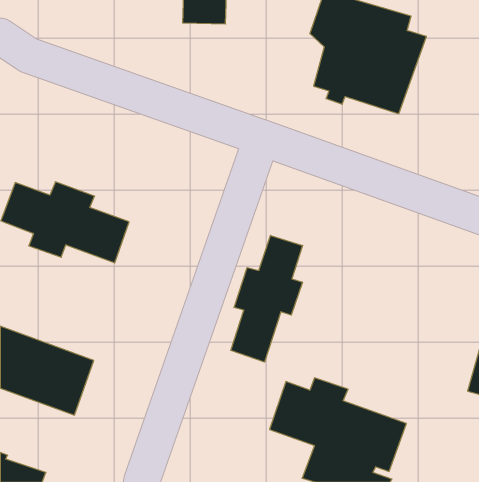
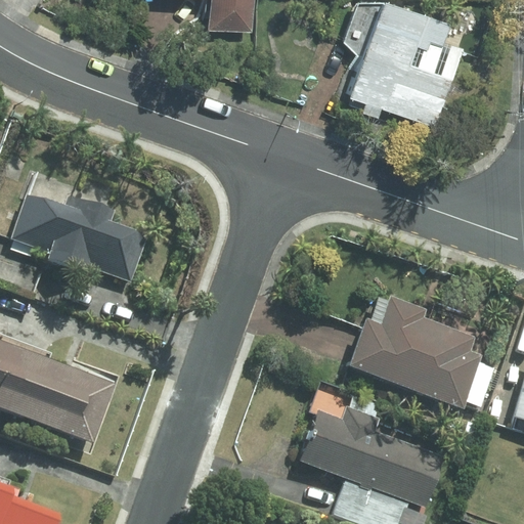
building: [231,235,303,362] -> none
building: none -> [344,297,497,408]

